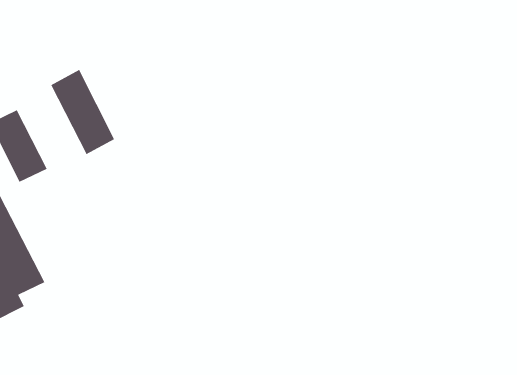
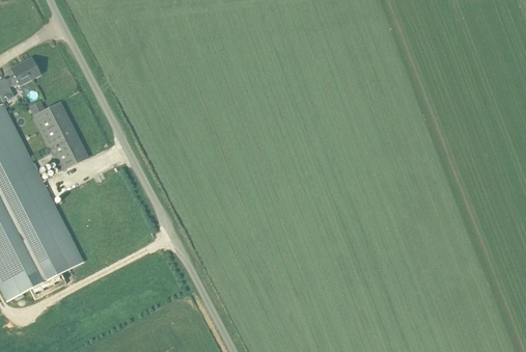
building: [50,69,115,155] -> none

